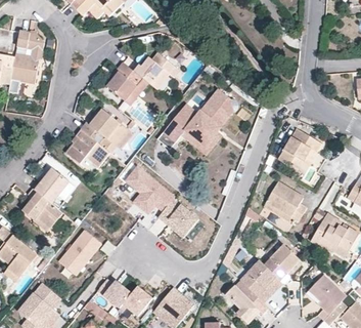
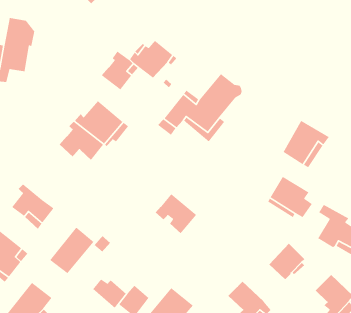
building: [126,166,174,212] -> none
building: [33,169,70,204] -> none
building: [240,260,280,300] -> none

